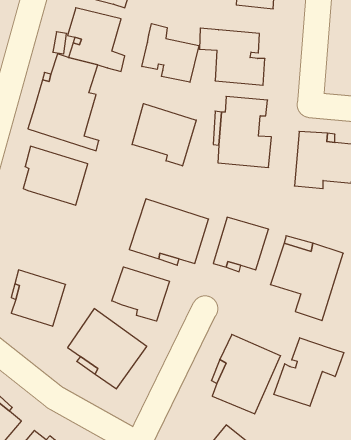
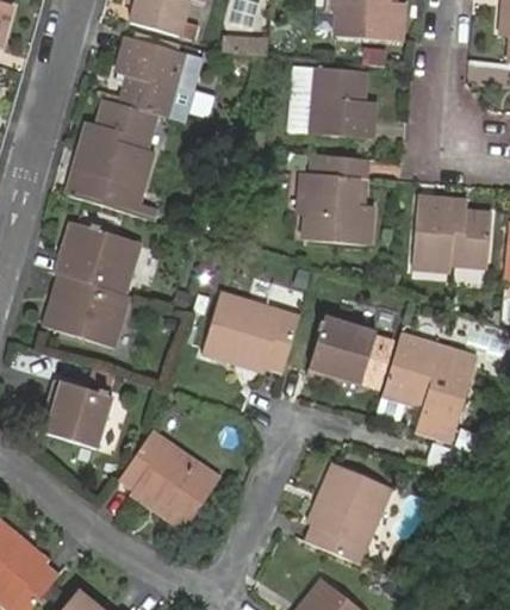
building: [142,24,199,82] -> none
building: [132,104,196,166] -> none
building: none -> [45,275,133,346]
building: [112,267,170,321] -> none
building: [274,338,344,406] -> none

